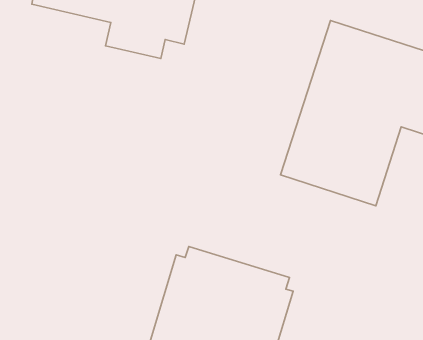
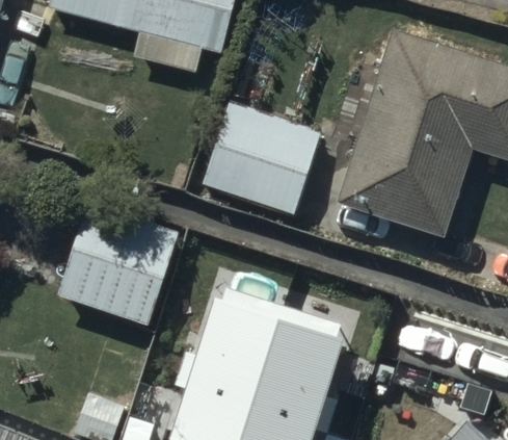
building: none -> [204,106,319,215]
building: none -> [55,203,182,327]

